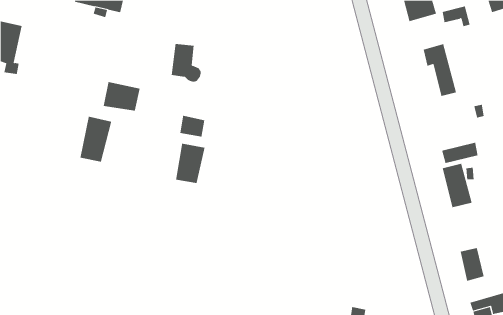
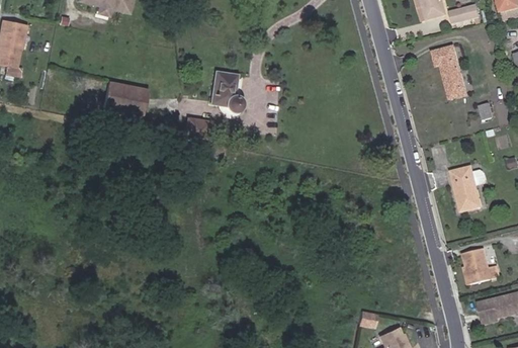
building: [171,43,202,82] -> [210,72,242,111]
building: [80,116,112,162] -> none
building: [442,142,478,164] -> none
building: [175,143,205,184] -> none

